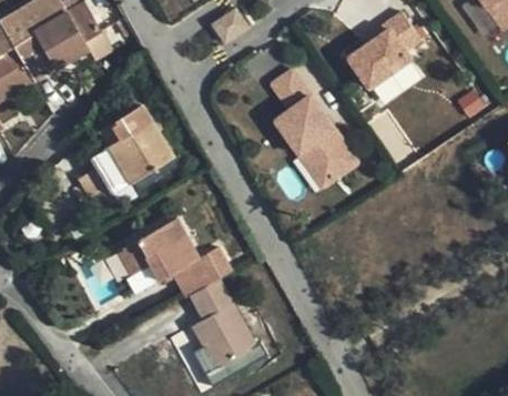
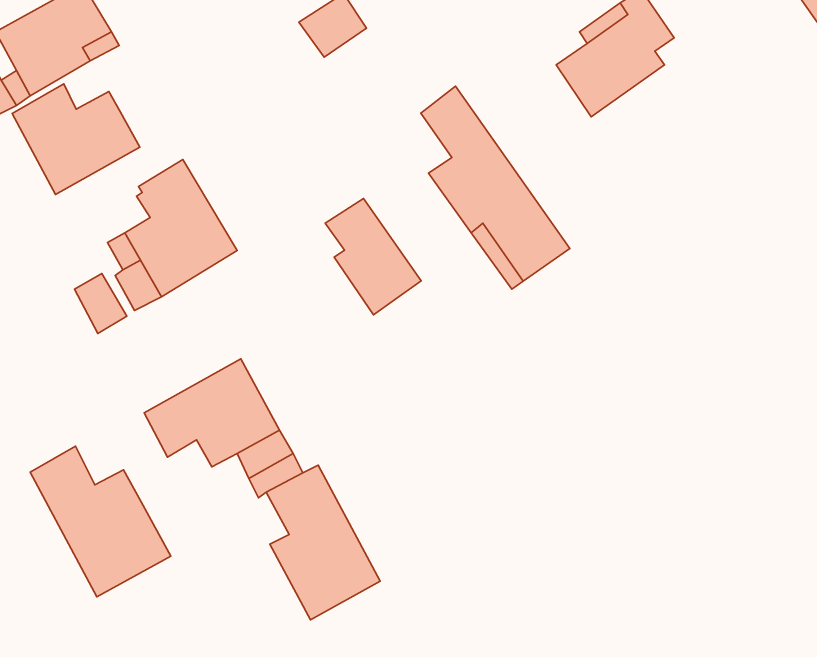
building: none -> [12,84,140,195]
building: none -> [325,199,421,315]
building: none -> [30,446,171,597]

